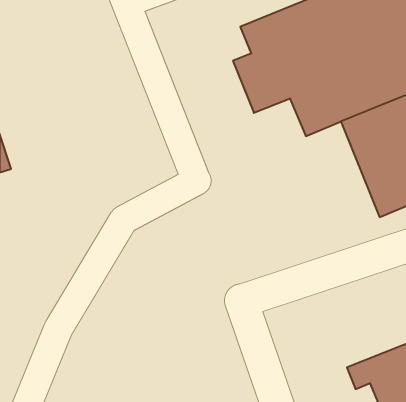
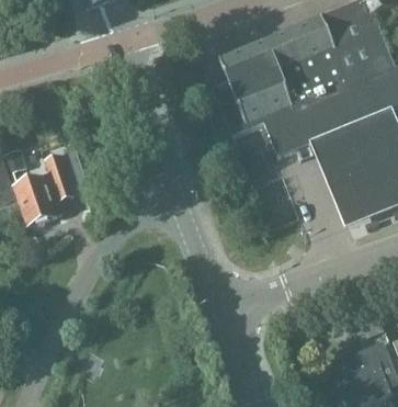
building: none -> [16,144,92,228]

